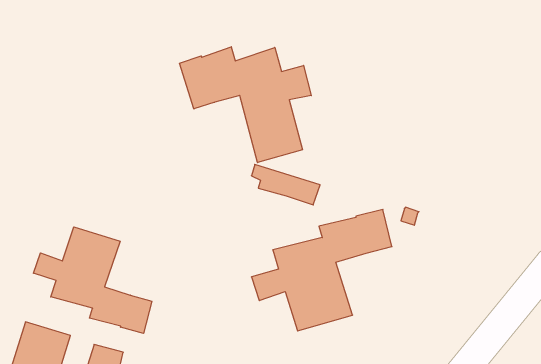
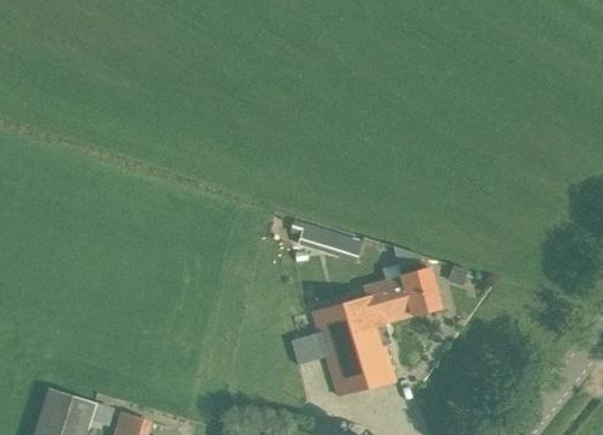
building: [180,47,311,163] -> none
building: [33,227,152,333] -> none

